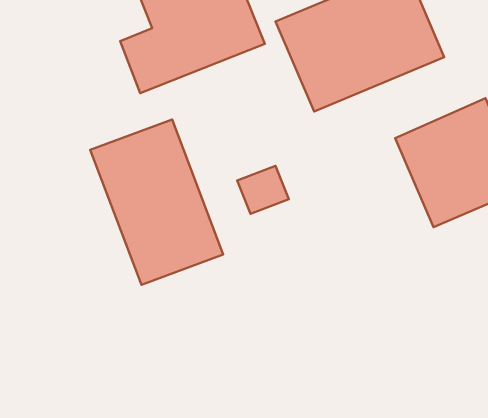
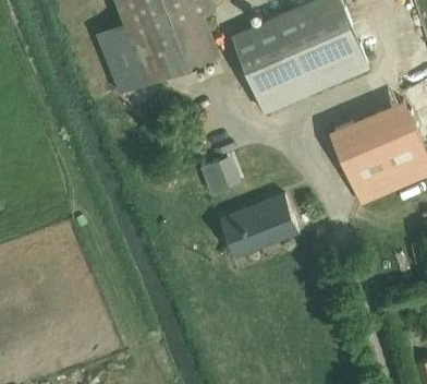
building: [90,120,223,285] -> none
building: none -> [219,192,300,259]

